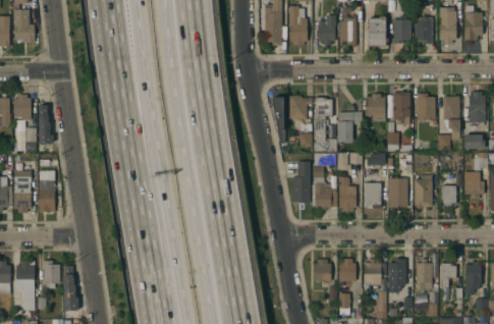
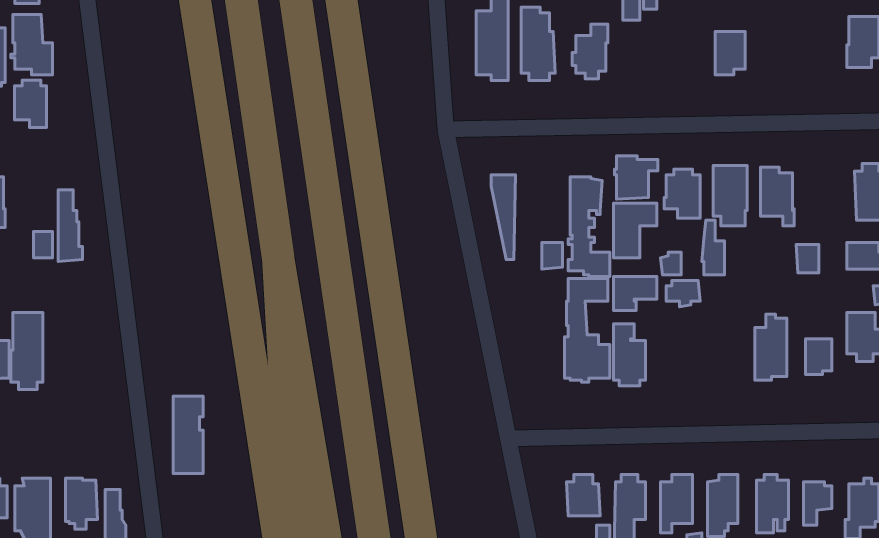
building: [440,7,457,44] -> none
building: [415,14,433,44] -> none
building: [339,15,356,45] -> none
building: [368,16,387,46] -> none
building: [12,95,30,120] -> [15,80,47,127]
building: [438,95,460,139] -> none
building: [288,96,312,119] -> [615,156,658,199]
building: [291,161,310,203] -> none
building: [38,170,54,212] -> [173,396,203,473]
building: [389,177,406,207] -> none
building: [364,182,380,208] -> none

